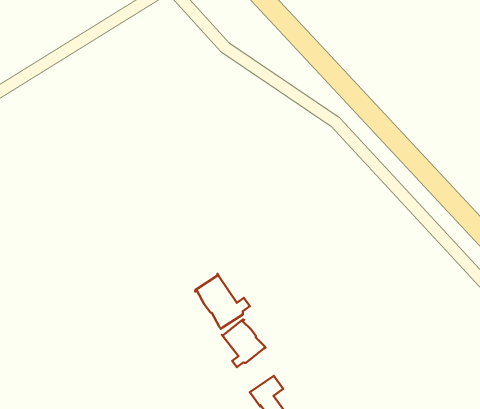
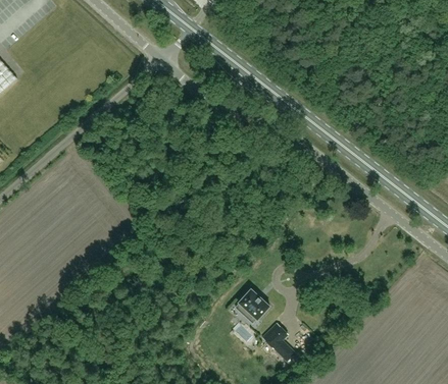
building: [195,274,250,329] -> none

